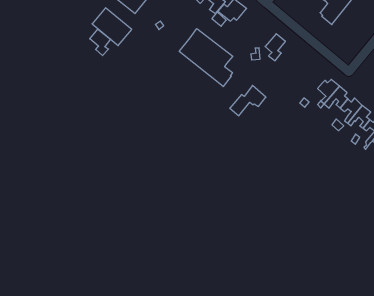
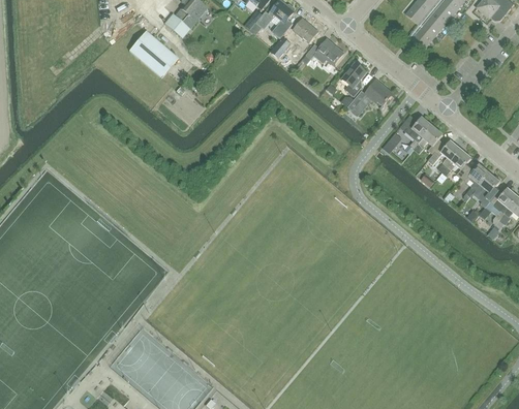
building: none -> [302,38,343,64]
building: [179,29,233,87] -> none
building: [90,29,111,56] -> none
building: [230,85,266,116] -> [347,78,392,116]

